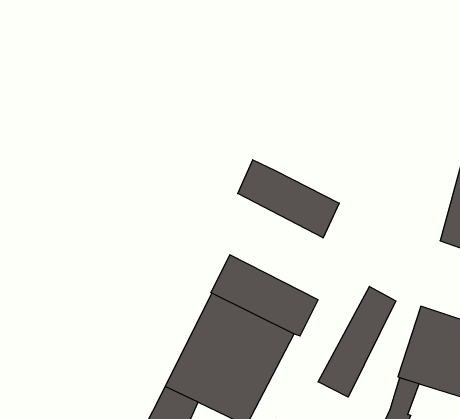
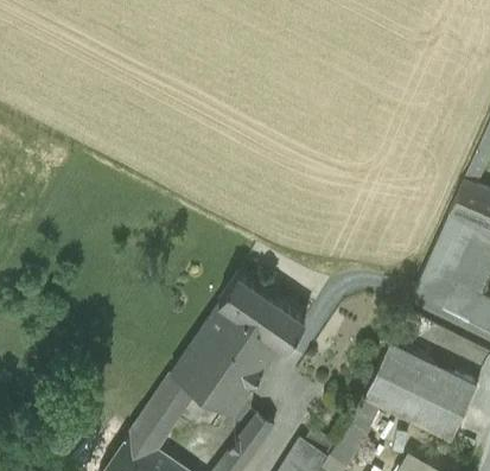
building: [238,160,339,238] -> none
building: [318,286,396,397] -> none

